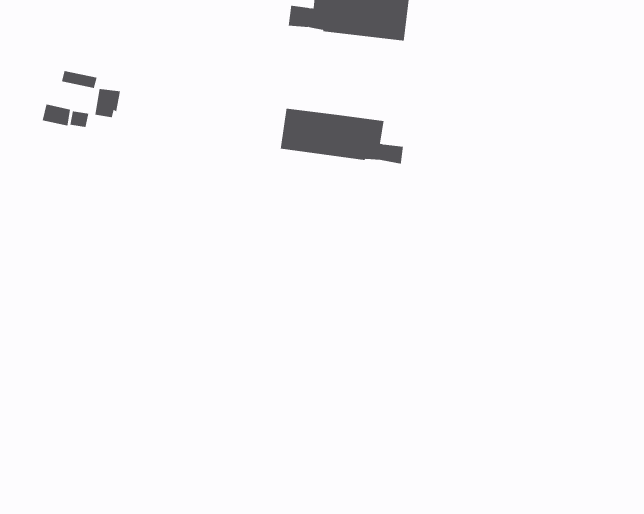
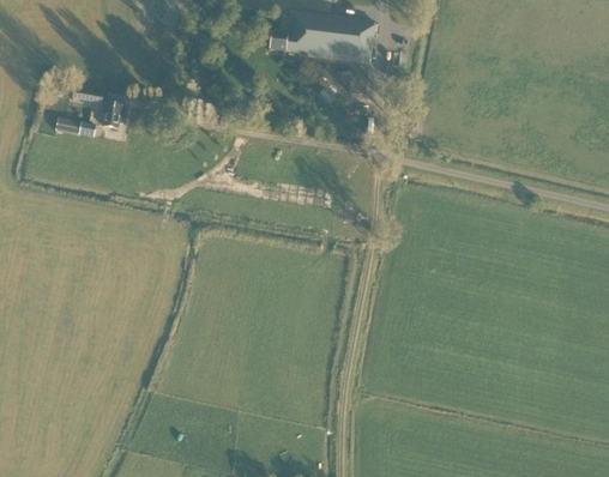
building: [280,108,404,165] -> none

